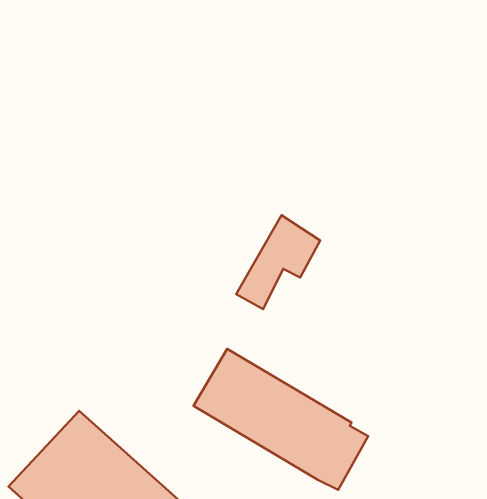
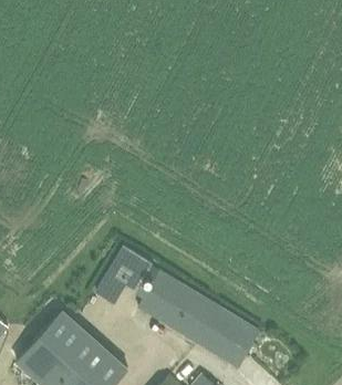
building: [236,215,320,309] -> [99,244,154,306]

